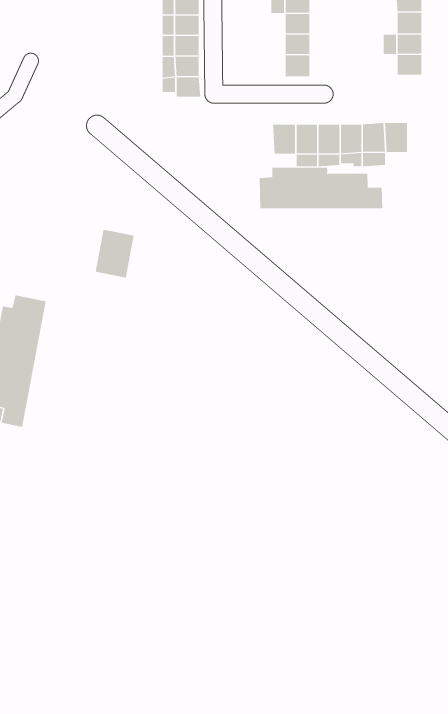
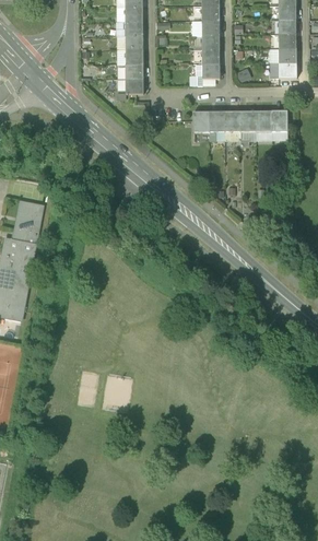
building: [259,167,383,209] -> none
building: [95,229,134,278] -> [14,200,42,234]

